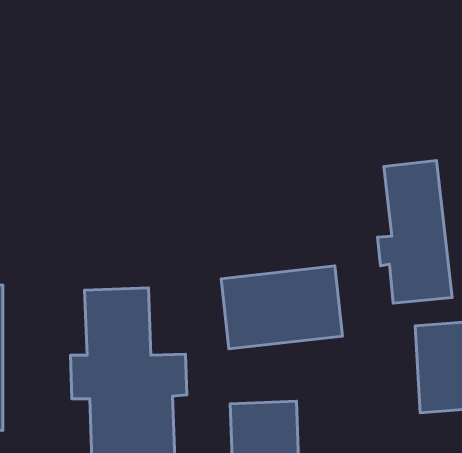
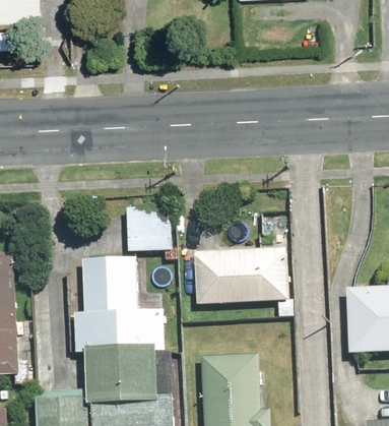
building: [378,161,452,303] -> none
building: none -> [125,206,173,247]

